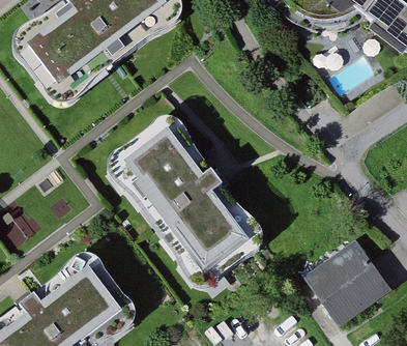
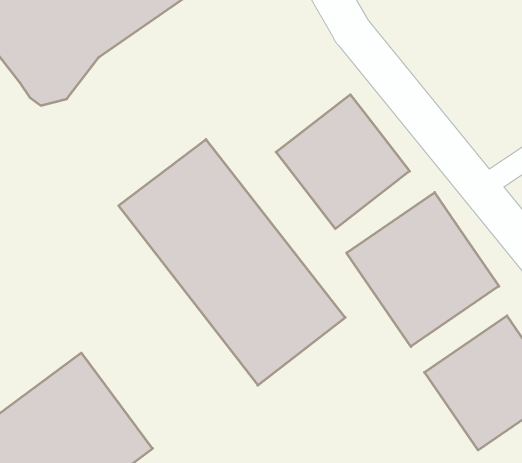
building: none -> [276,95,410,229]
building: none -> [347,192,499,347]

